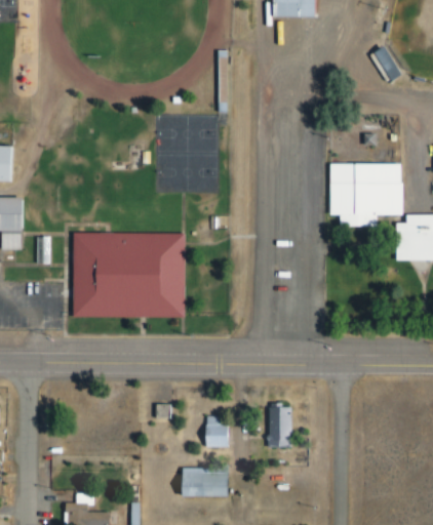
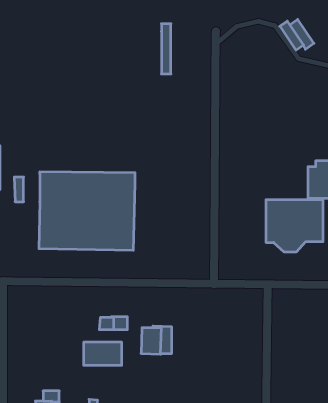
building: [330,164,399,227] -> [266,200,323,252]
building: [268,409,289,447] -> none
building: [183,469,229,496] -> [84,342,122,365]

